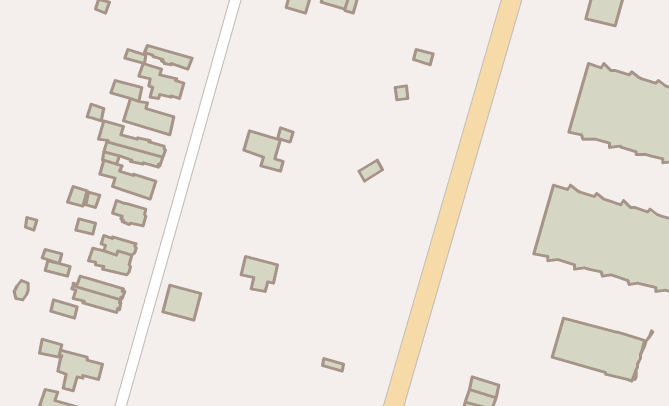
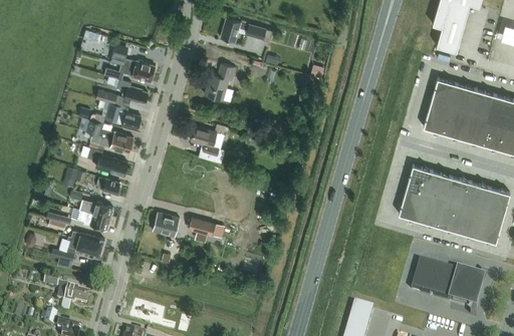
building: none -> [111,42,156,73]
building: none -> [205,62,236,99]
building: [163,285,201,320] -> [153,211,180,236]

